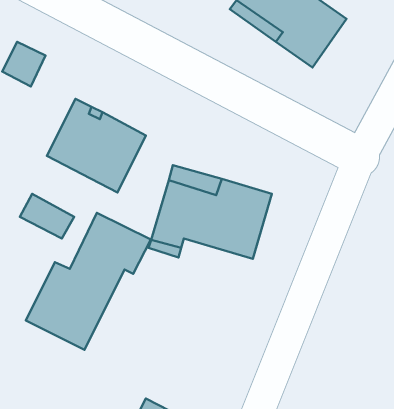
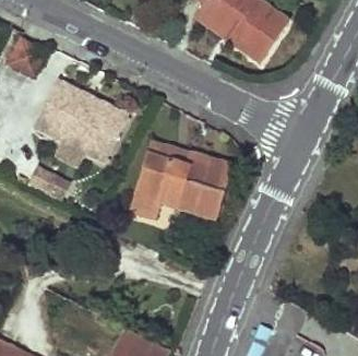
building: [26,213,151,350] -> none

